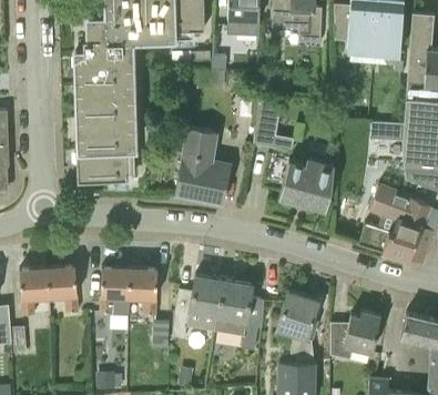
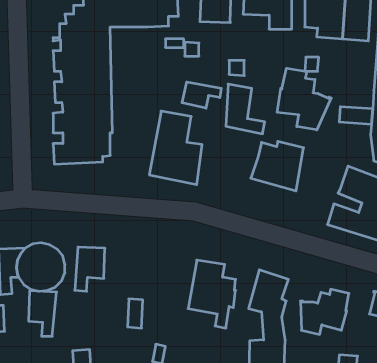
building: none -> [277,68,331,130]
building: none -> [182,82,221,108]
building: [129,269,157,315] -> [29,291,57,336]
building: [173,275,224,338] -> none

